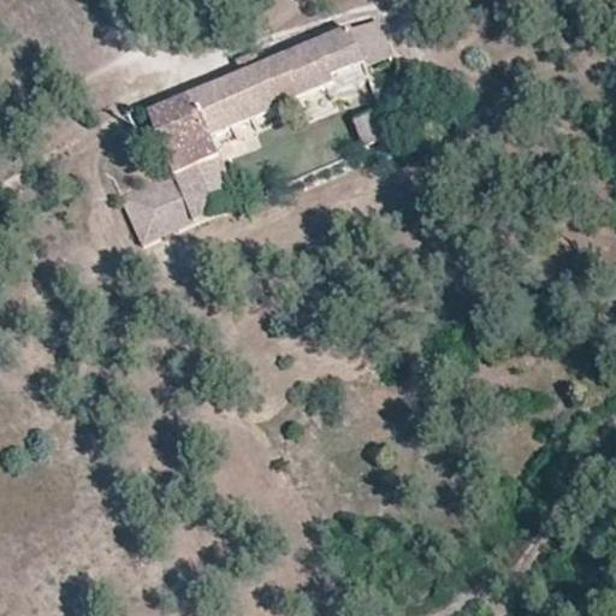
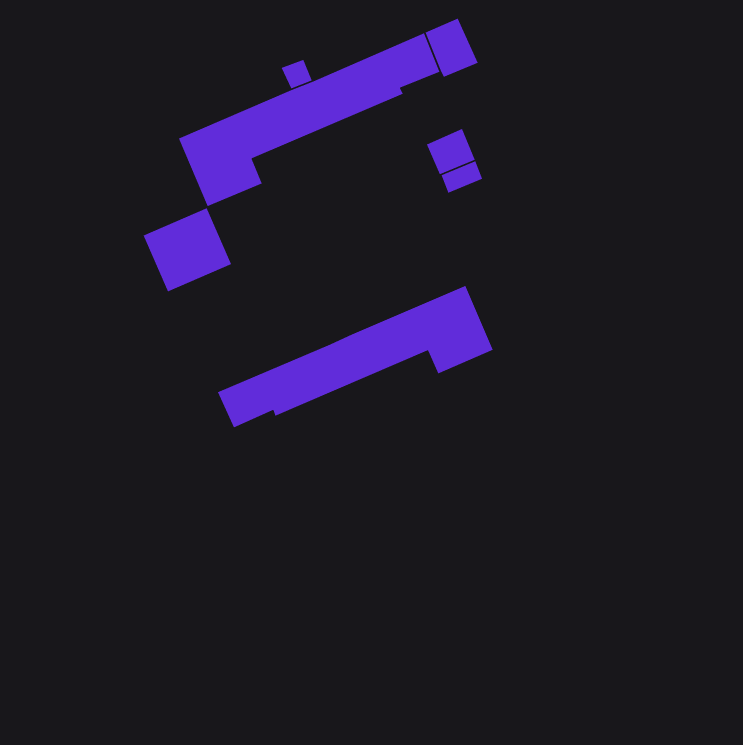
building: [170,150,236,217] -> none
building: none -> [217,285,494,429]

